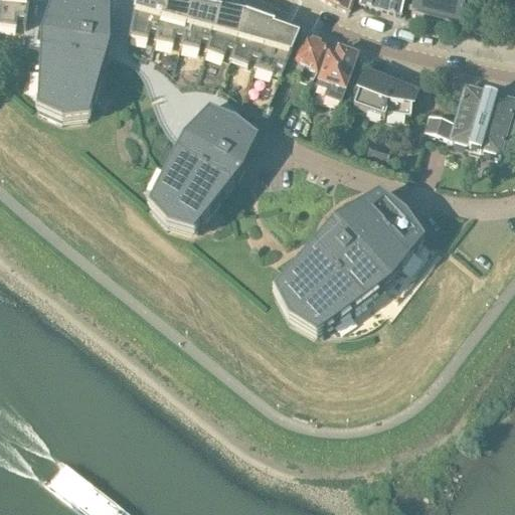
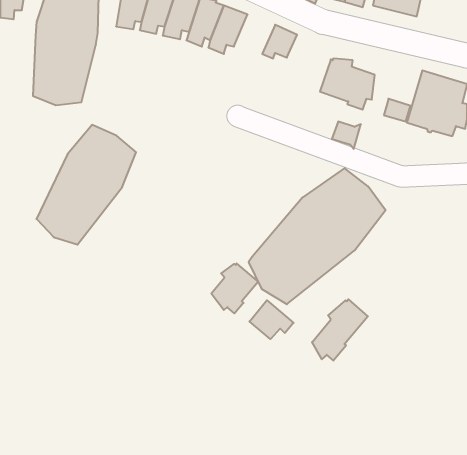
building: [253,16,299,68] -> none
building: [316,39,358,96] -> none
building: [148,98,258,229] -> [36,125,136,245]
building: none -> [211,263,258,313]
building: none -> [312,299,368,361]
building: none -> [249,300,294,339]

